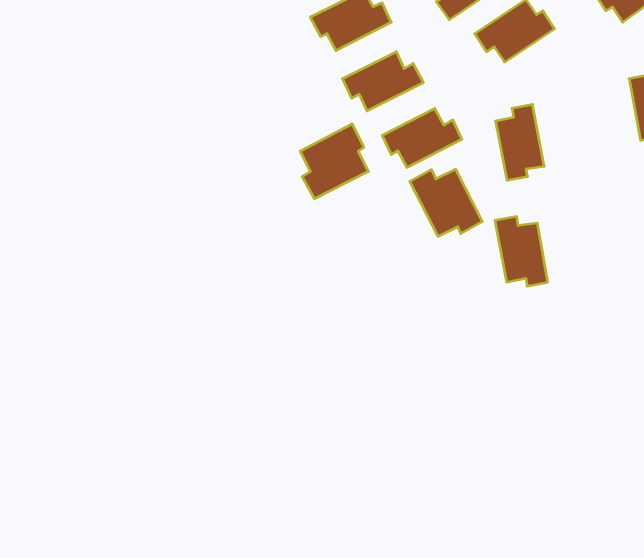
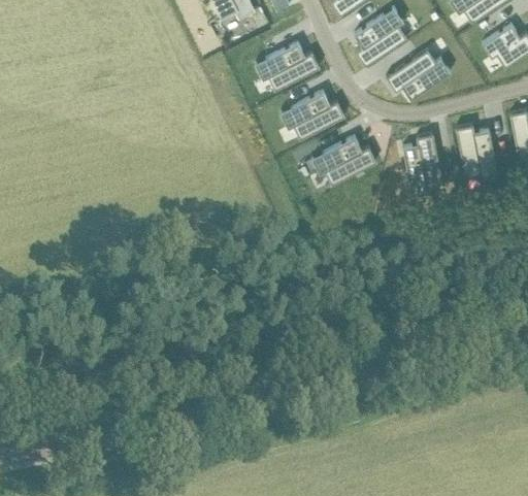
building: [300,124,368,199] -> none
building: [410,169,482,236] -> none
building: [495,217,548,286] -> [456,122,498,177]

